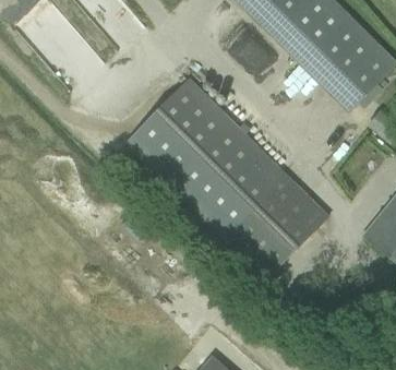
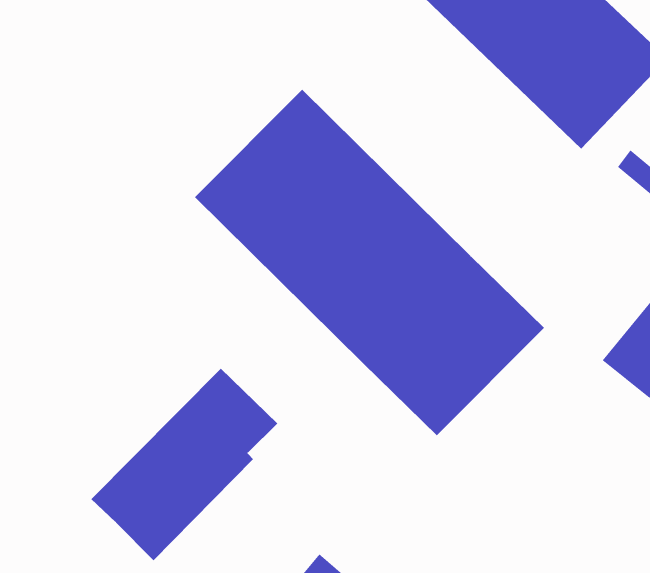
building: none -> [91,368,278,561]

